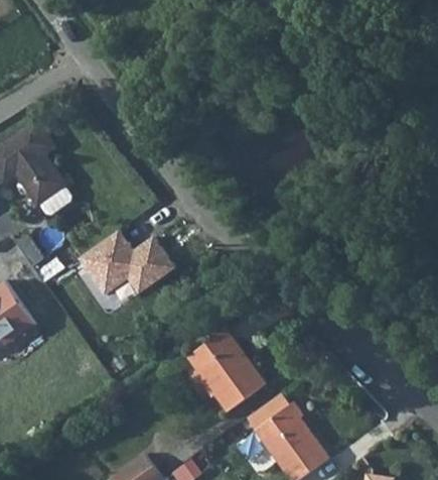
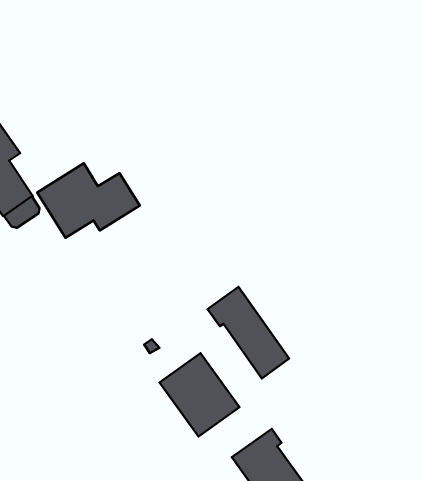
building: [80,230,175,299] -> [37,163,140,238]
building: none -> [207,287,289,378]

